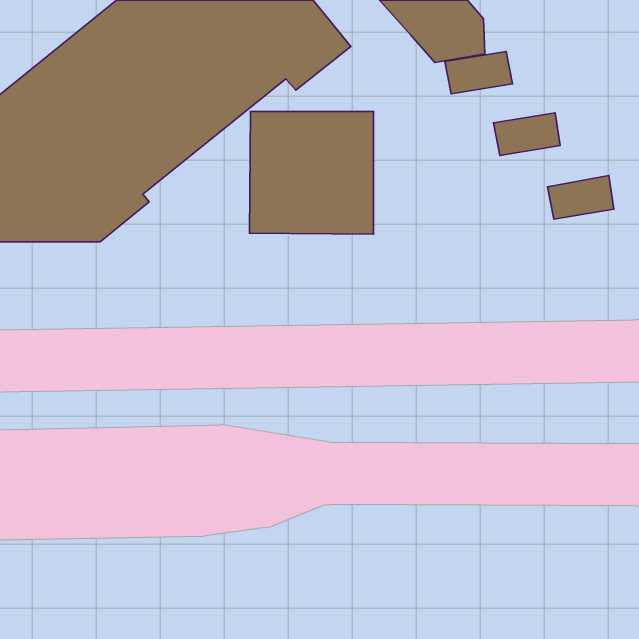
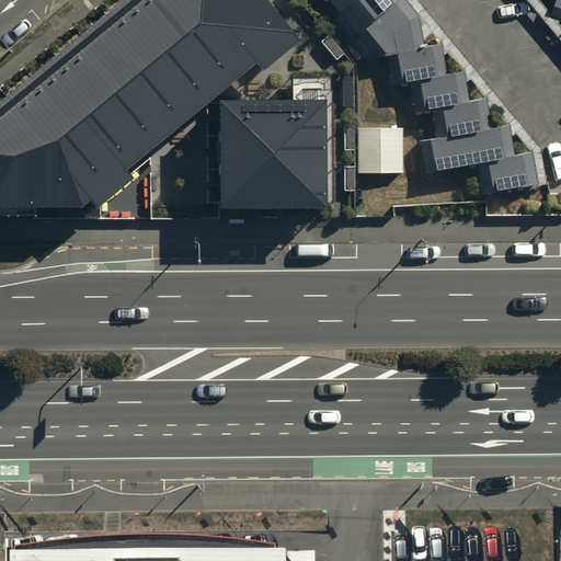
building: none -> [410,72,469,111]
building: none -> [424,127,512,171]
building: none -> [358,130,400,173]

